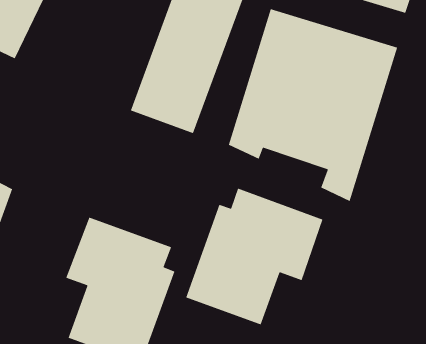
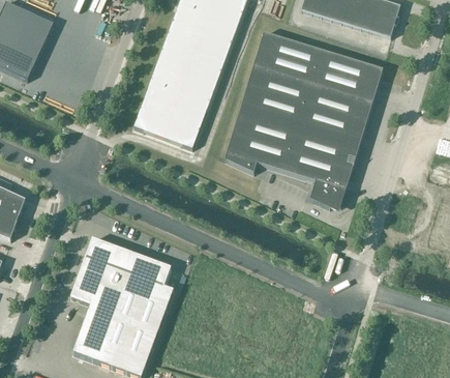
building: [185,187,324,326] -> none

